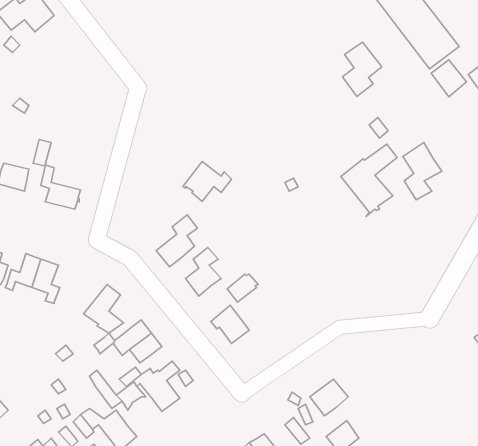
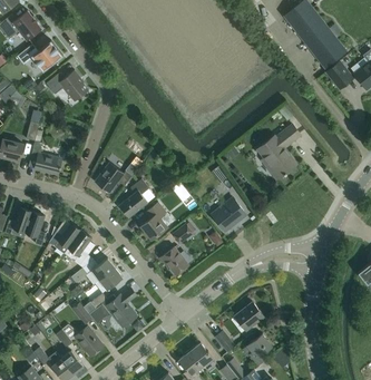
building: none -> [17,40,62,71]
building: [343,42,382,96] -> none
building: none -> [46,70,88,101]
building: [403,142,442,200] -> none
building: [183,162,232,201] -> [95,163,131,193]
building: none -> [212,197,246,232]
building: none -> [48,223,81,253]

